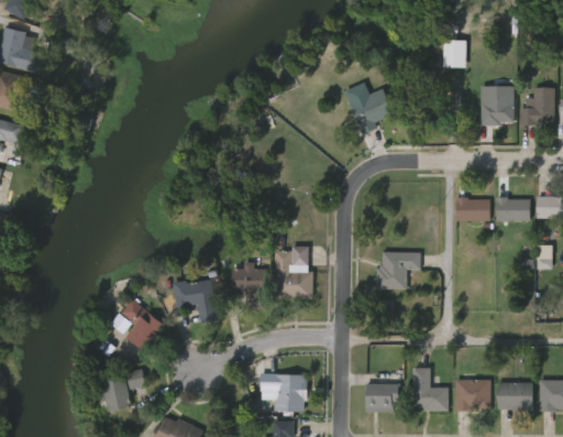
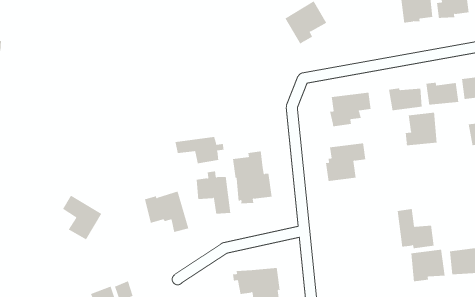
building: none -> [330,92,371,127]
building: none -> [175,136,224,164]
building: none -> [405,112,437,146]
building: [121,298,164,350] -> [62,195,102,240]
building: [412,367,449,411] -> [397,209,435,249]
building: [366,382,402,411] -> none

